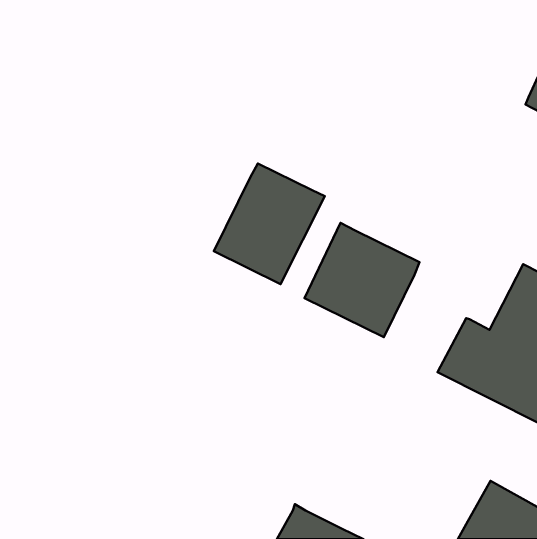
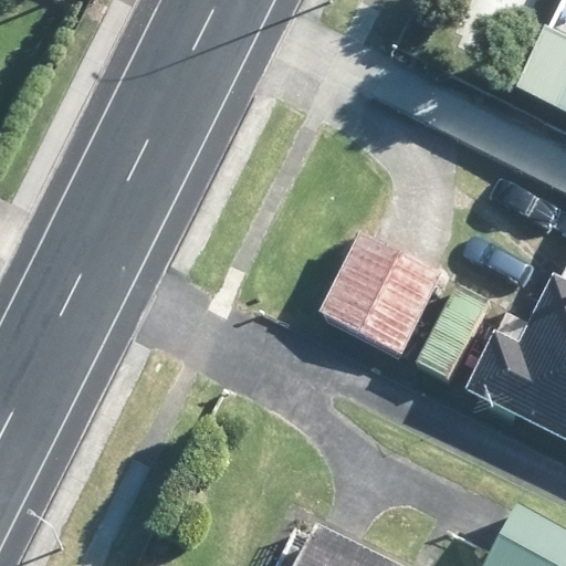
building: [214,163,325,284] -> none

